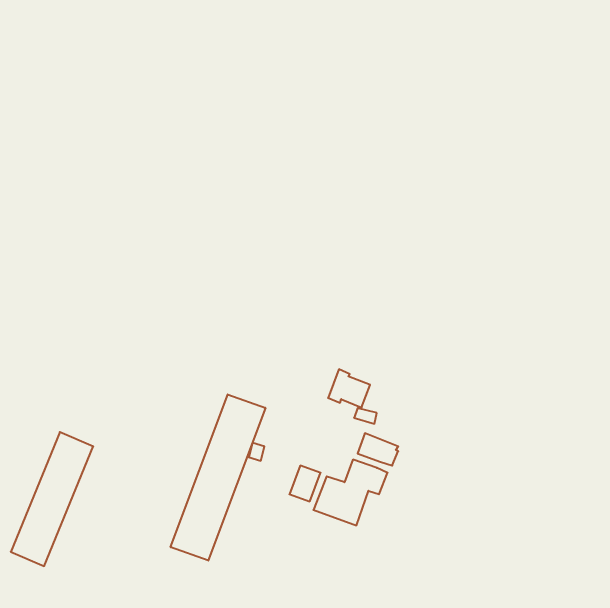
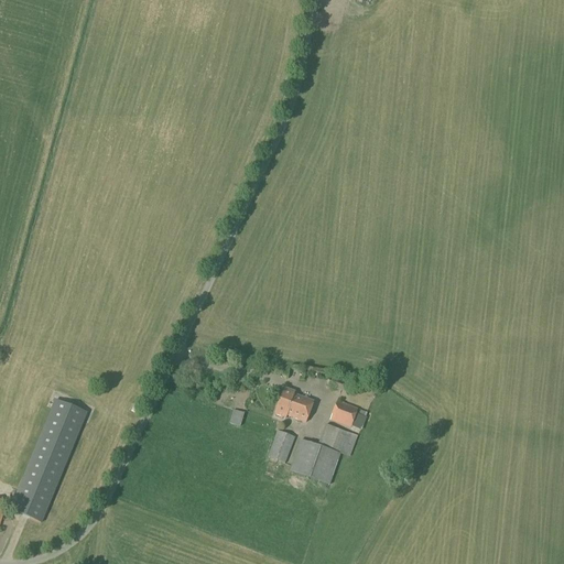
building: [328,369,370,408] -> [275,386,314,421]
building: [171,394,265,561] -> none

